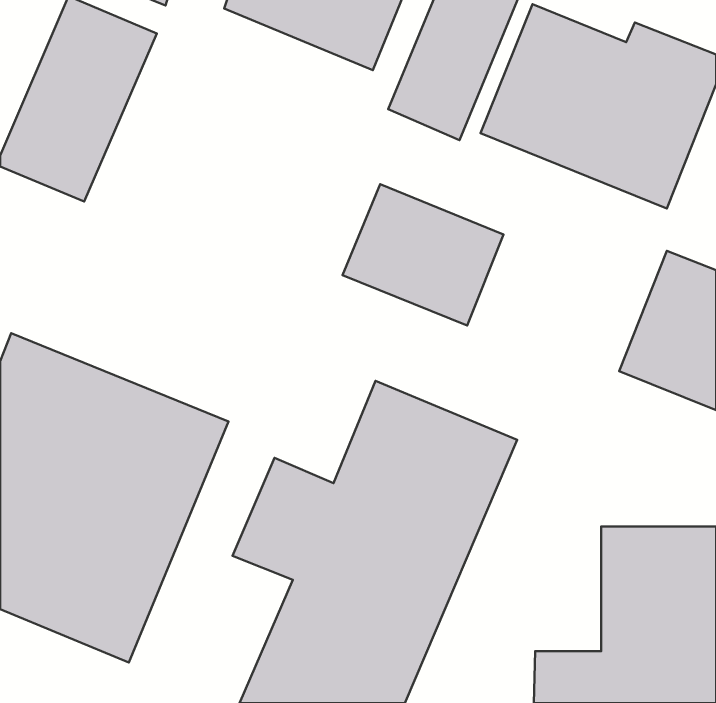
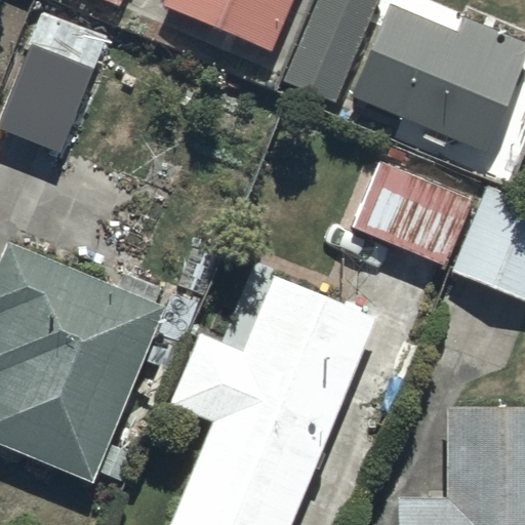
building: [342,184,504,326] -> [355,163,473,267]

